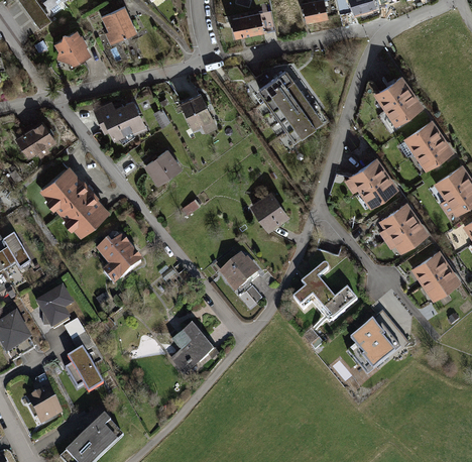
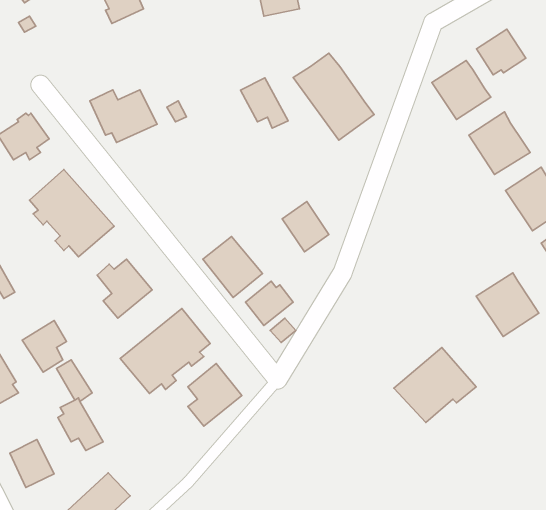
building: [53,30,92,67] -> none
building: none -> [477,29,526,75]
building: [179,92,218,133] -> [240,78,288,128]
building: [141,148,181,186] -> none
building: [344,155,398,207] -> none
building: [378,201,429,253] -> none
building: none -> [203,236,262,297]
building: [292,265,357,324] -> none
building: none -> [120,308,210,394]

